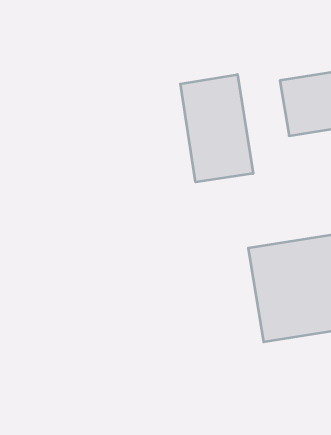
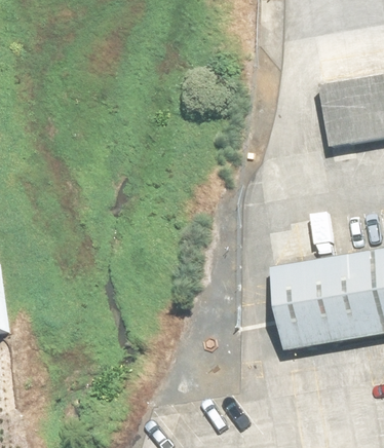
building: [180,74,253,182] -> none

